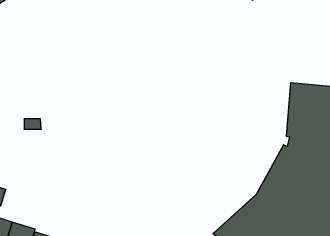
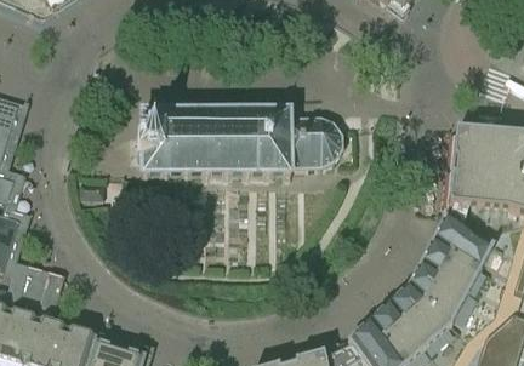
building: none -> [138,107,340,170]

